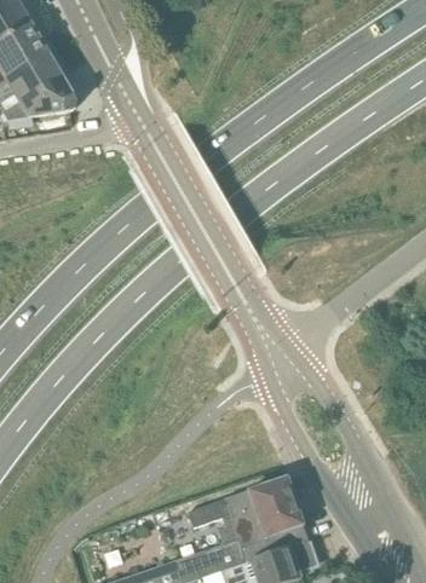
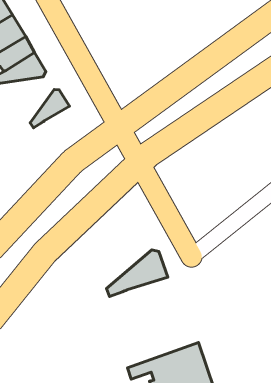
building: none -> [30,90,70,128]
building: none -> [107,250,168,297]

